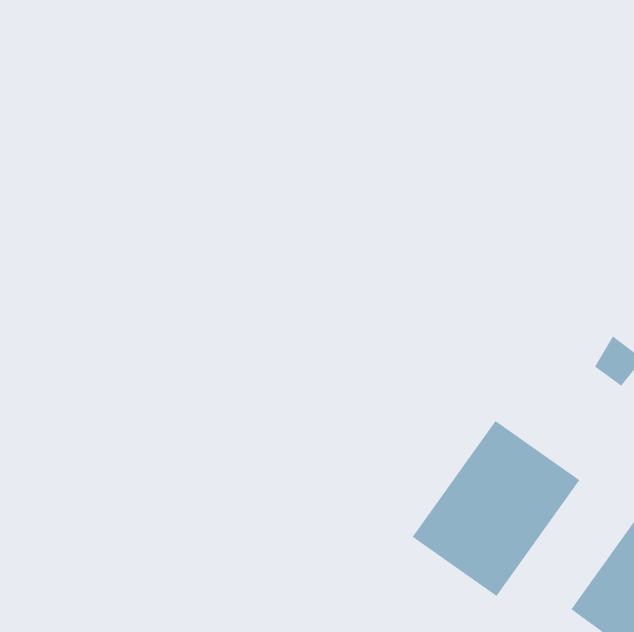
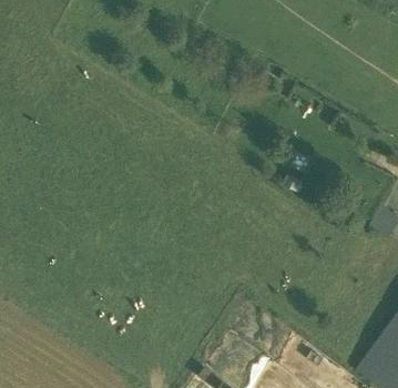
building: [412,420,580,597] -> none

